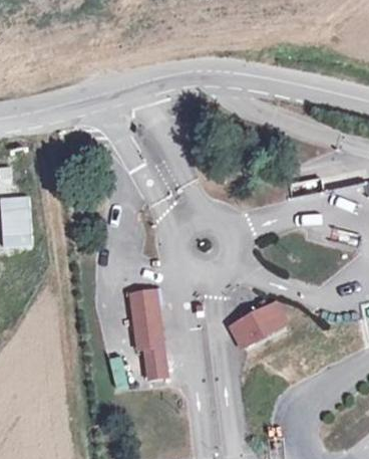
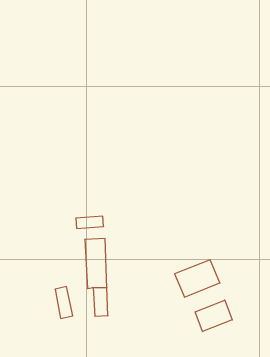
building: none -> [195,300,232,332]

